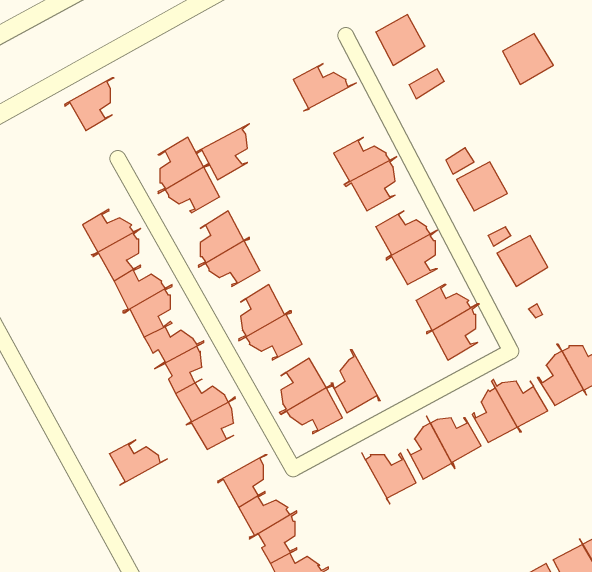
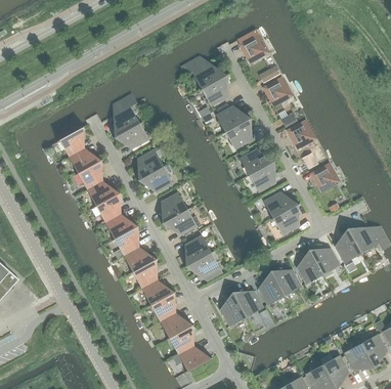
building: [503,34,553,84] -> [264,77,294,106]
building: [65,78,114,131] -> [57,126,86,157]
building: [197,124,249,180] -> [199,74,229,106]
building: [331,350,380,413] -> [220,290,249,327]
building: [109,440,167,485] -> [142,279,176,306]

